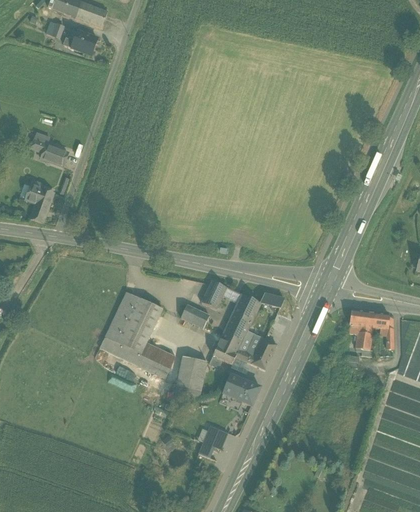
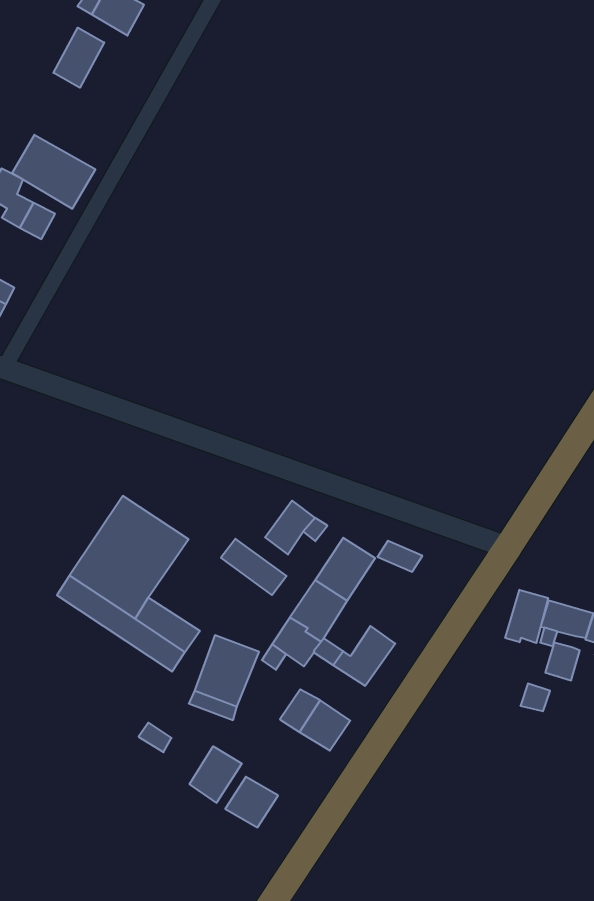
building: none -> [53,28,104,88]
building: none -> [12,135,95,209]
building: none -> [505,590,548,643]
building: none -> [190,746,242,803]

